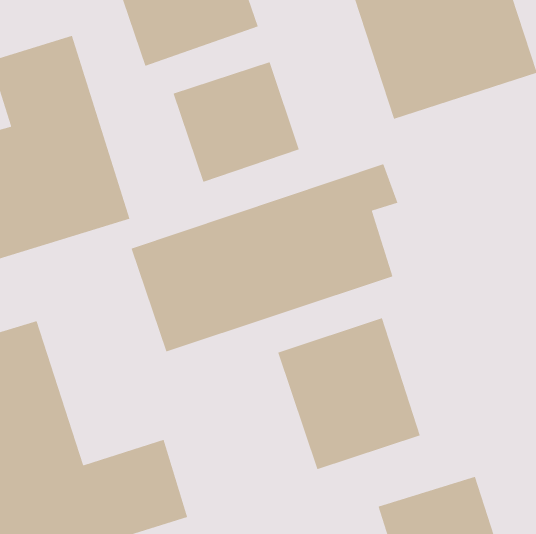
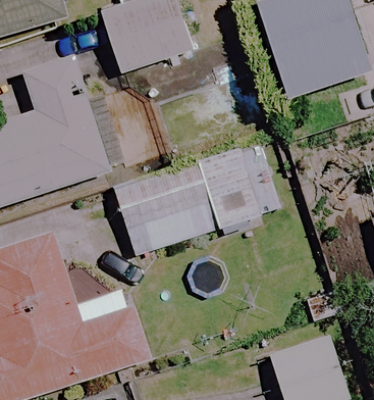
building: [172,61,300,183] -> none
building: [277,317,421,470] -> none

